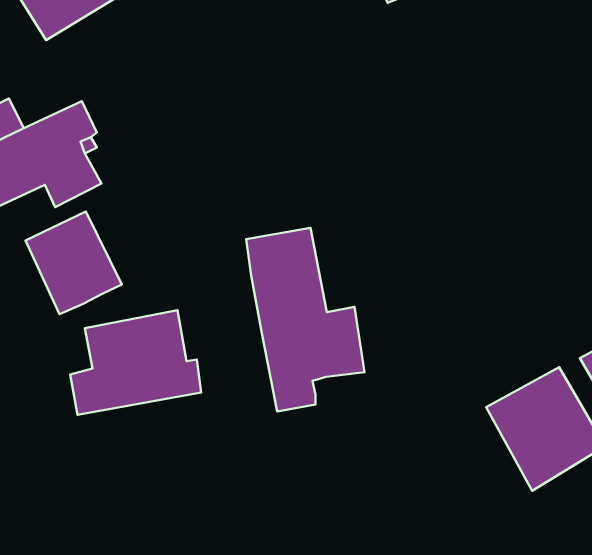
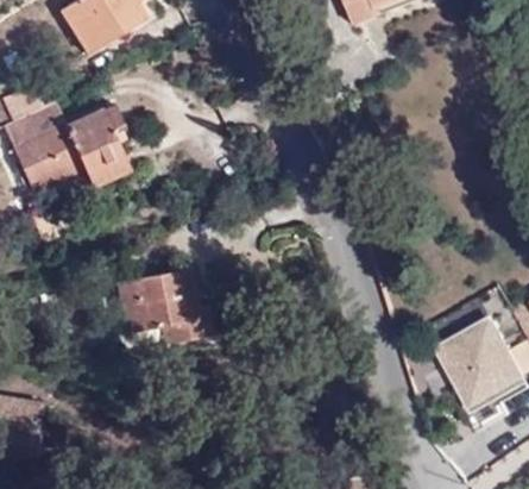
building: [26,212,122,314] -> none
building: [246,228,365,412] -> none

